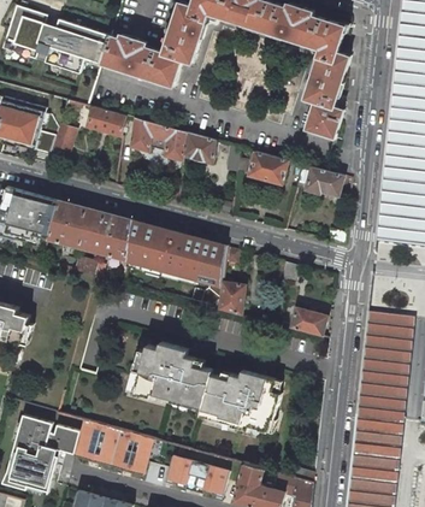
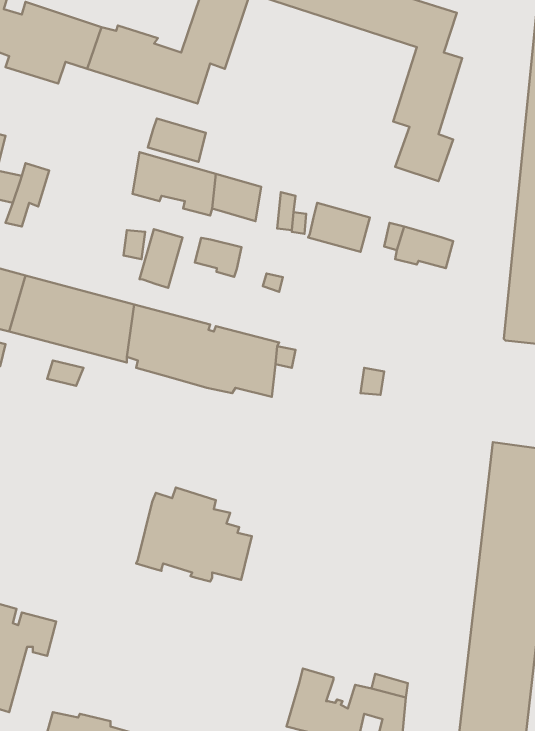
building: [87,106,125,135] -> [148,118,206,162]
building: none -> [139,229,182,288]
building: none -> [195,238,242,277]
building: [219,281,246,313] -> none
building: [289,307,329,337] -> none
building: [200,371,281,431] -> none
building: [72,418,152,474] -> none
building: [165,455,229,497] -> none

